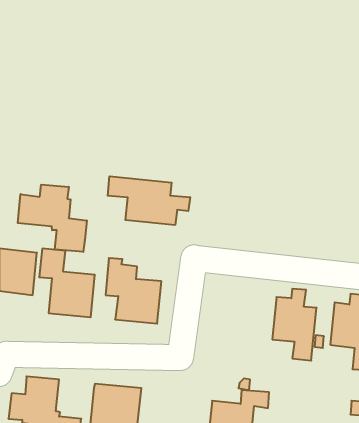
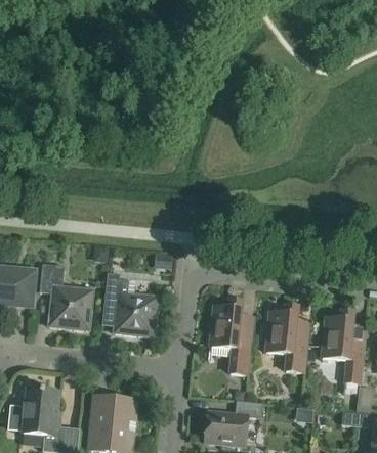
building: [108,176,190,225] -> none
building: [18,185,87,252] -> none
building: none -> [209,297,253,374]

